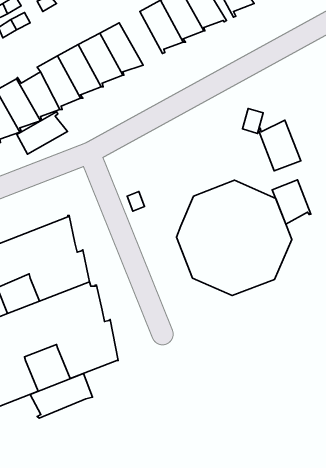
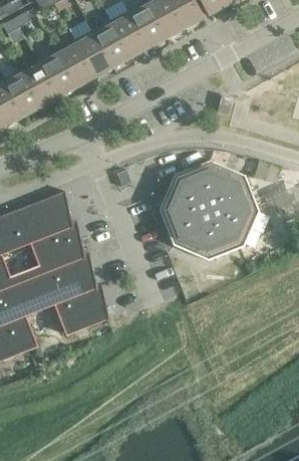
building: none -> [108,12,146,59]
building: [17,112,67,154] -> none
building: [258,120,301,171] -> none
building: [272,180,311,224] -> none
building: [30,373,93,418] -> none

